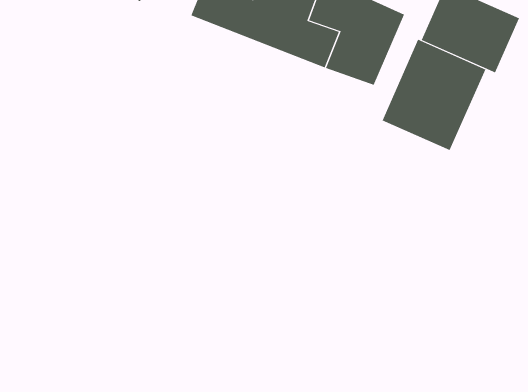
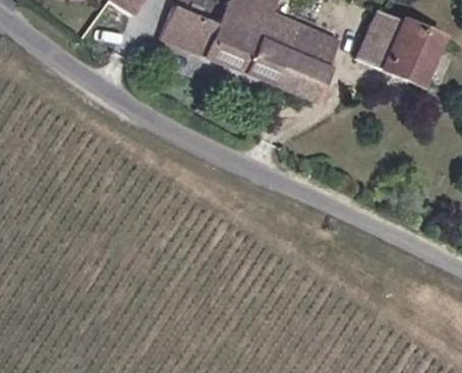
building: [382,39,486,151] -> none

